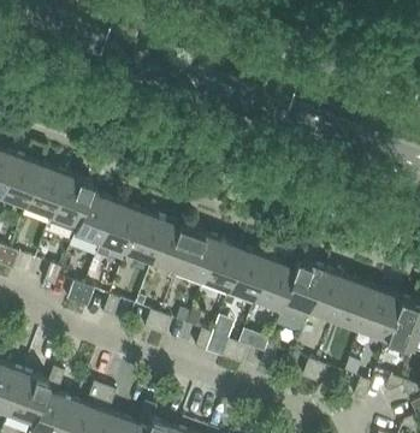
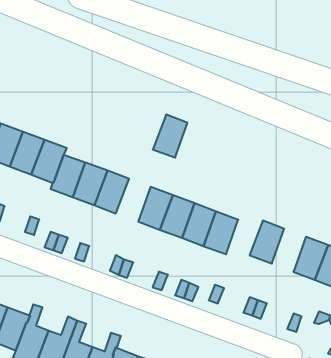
building: [150,221,191,272] -> [153,115,187,158]
building: [278,261,324,325] -> none
building: [335,280,374,331] -> none

